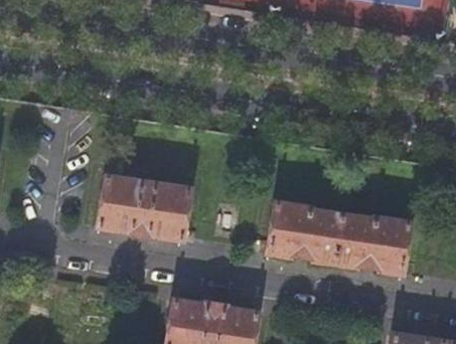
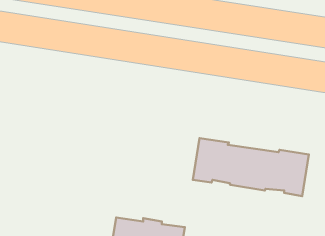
building: [100,177,191,240] -> none

